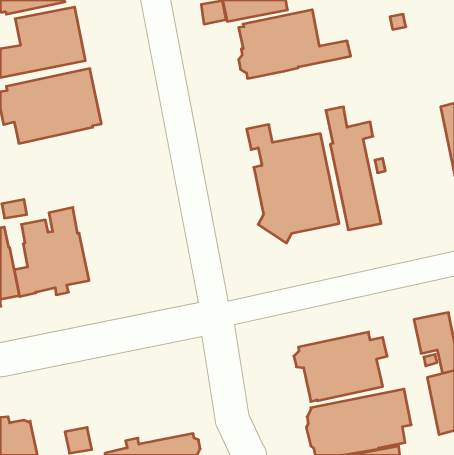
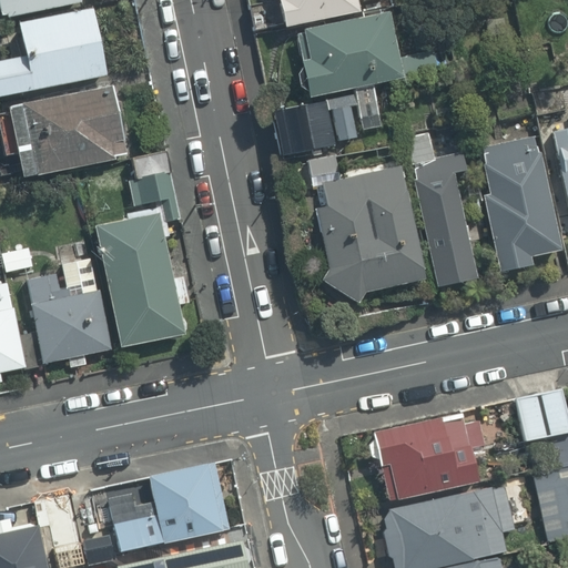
building: none -> [273,89,382,156]
building: none -> [481,138,560,272]
building: none -> [93,152,190,348]
building: none -> [105,462,231,551]

